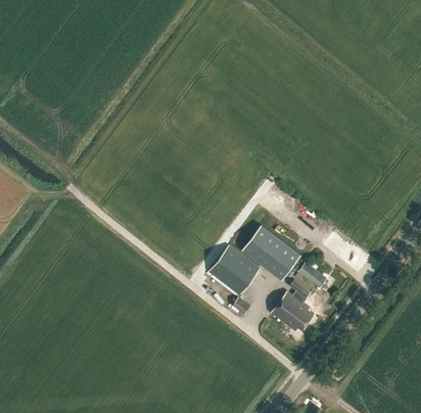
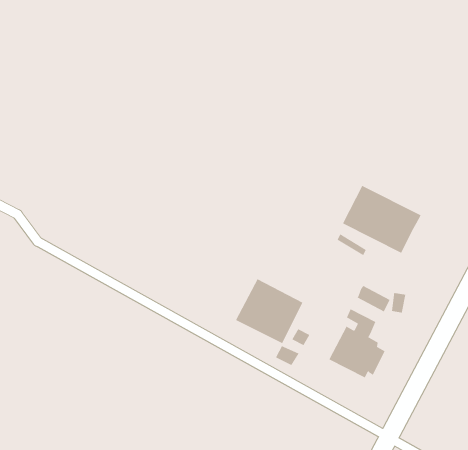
building: [241,225,300,280] -> [342,185,421,254]

